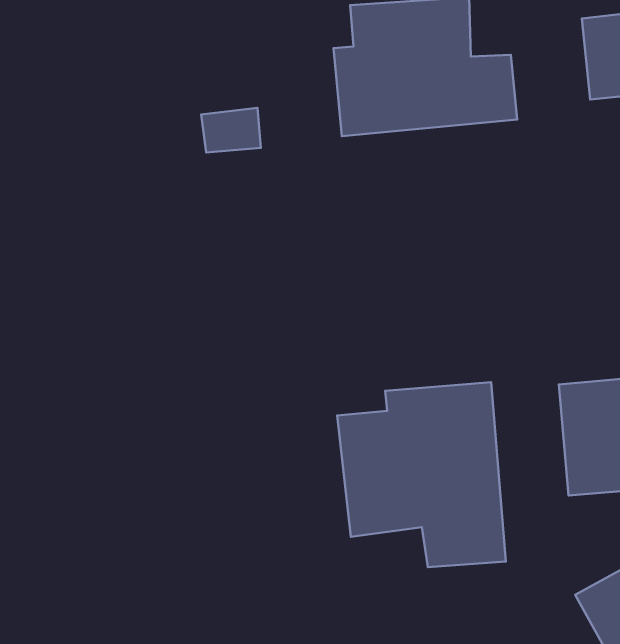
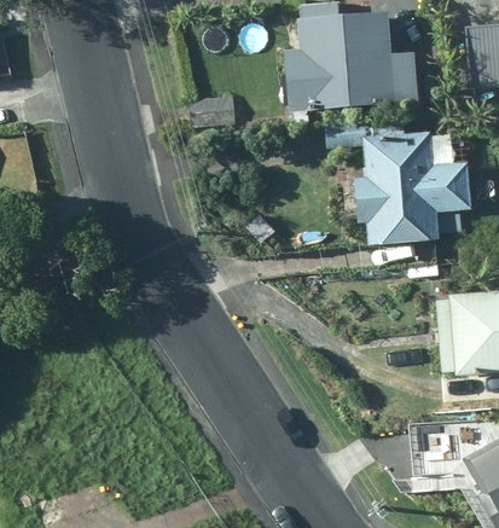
building: none -> [355,133,472,244]
building: [337,382,506,567] -> none

